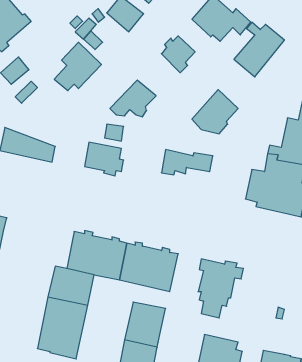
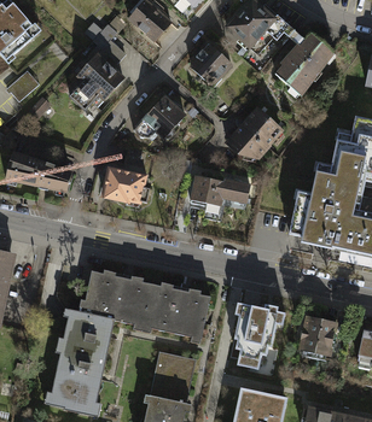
building: none -> [301,317,335,353]

